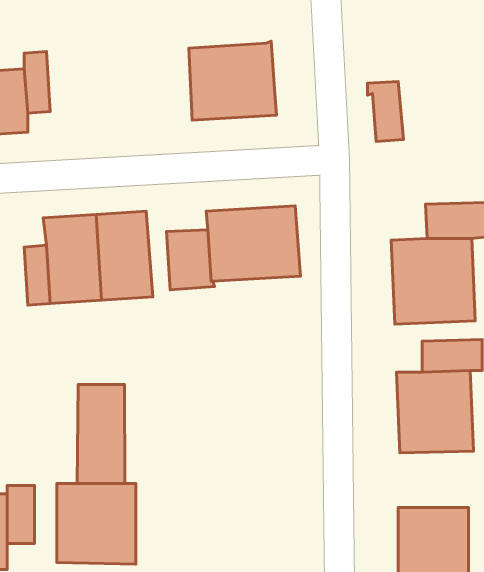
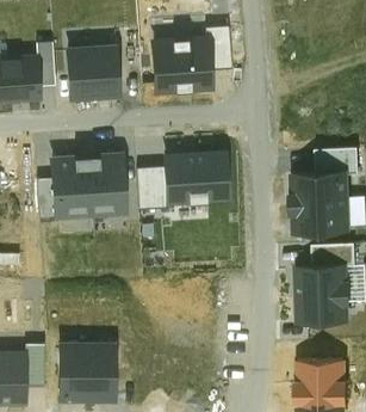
building: none -> [67,47,119,98]
building: [367,81,403,141] -> [205,27,230,69]
building: [77,384,125,484] -> none

